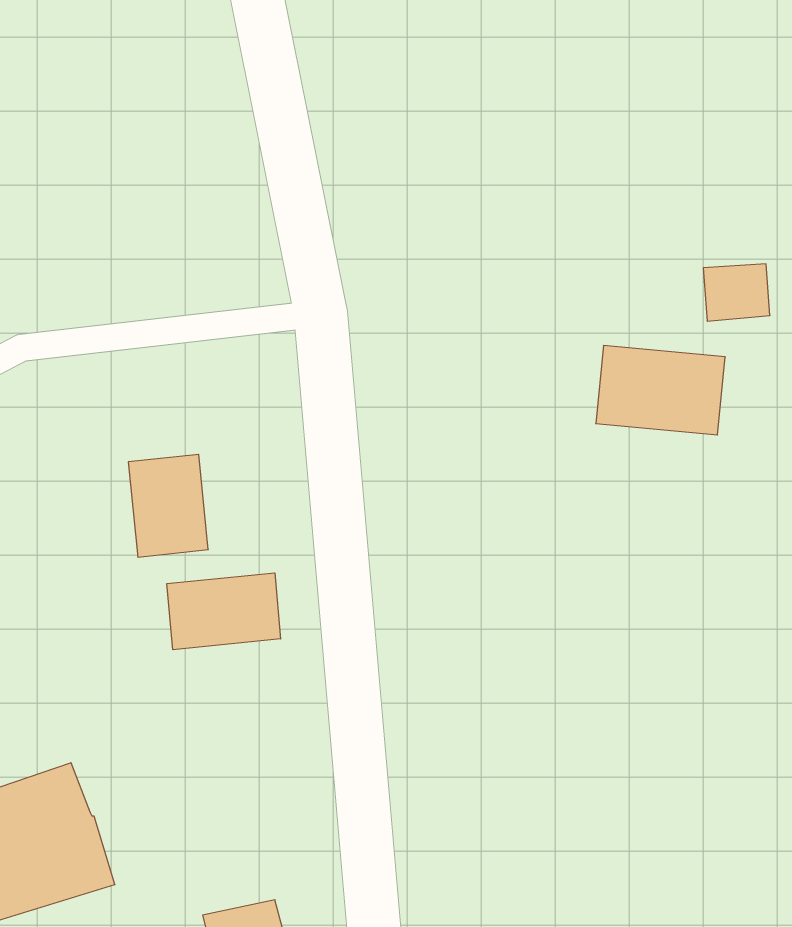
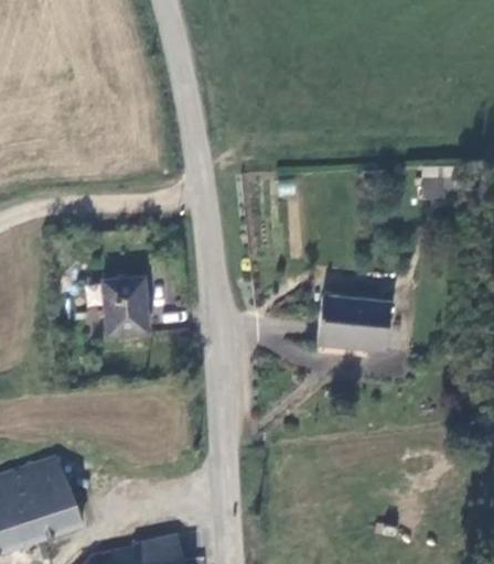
building: [596,346,725,435] -> [313,296,388,348]
building: [167,573,281,650] -> none

